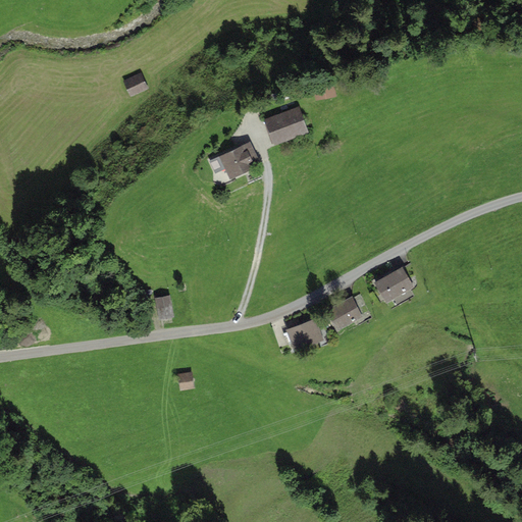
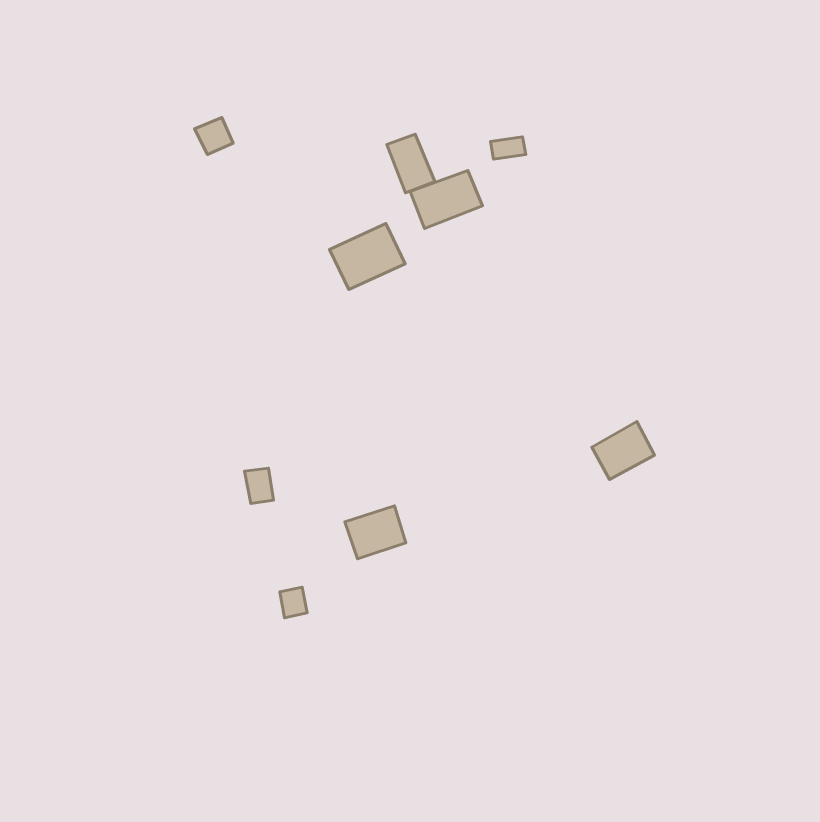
building: none -> [387,134,435,193]
building: [324,296,363,332] -> none
building: [284,316,323,350] -> [345,506,406,559]

